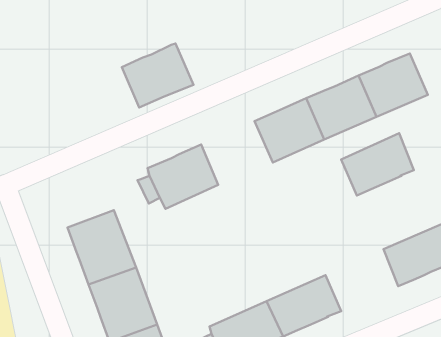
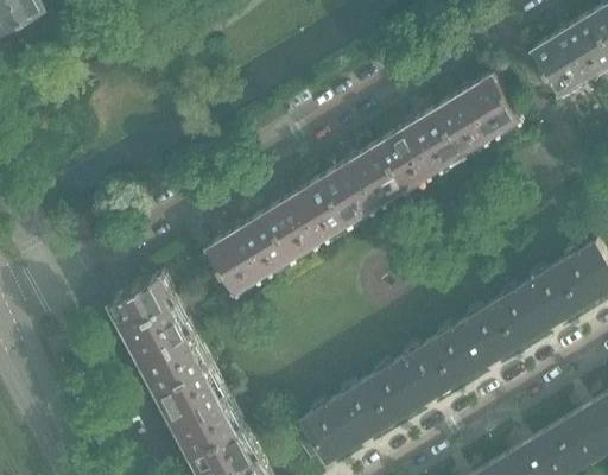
building: [122,43,194,107] -> [262,179,348,259]
building: [341,133,414,195] -> [426,308,512,386]
building: none -> [107,277,172,331]

